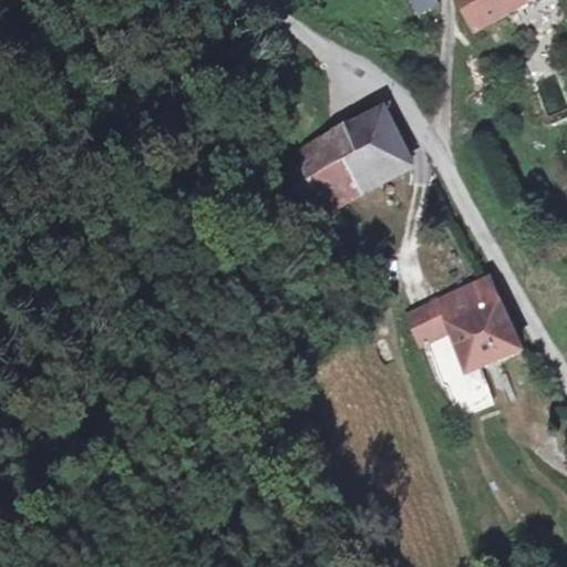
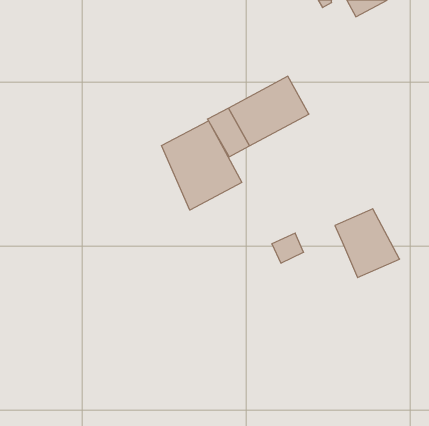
building: none -> [161,121,242,210]
building: [411,301,453,341] -> [272,233,304,263]

